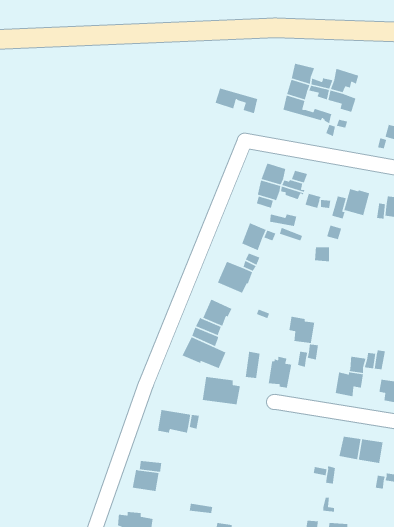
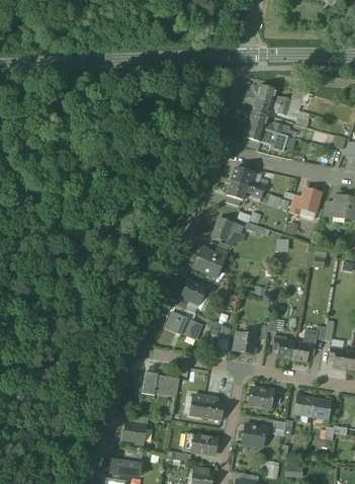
building: [214,88,258,114] -> [244,124,280,146]
building: [289,316,315,344] -> [272,336,294,359]
building: [202,376,241,405] -> [191,395,224,419]
building: none -> [248,387,274,409]
building: none -> [242,423,266,447]
building: none -> [183,432,216,455]

